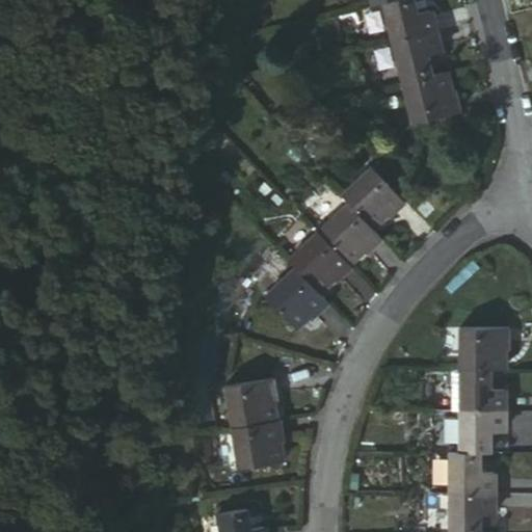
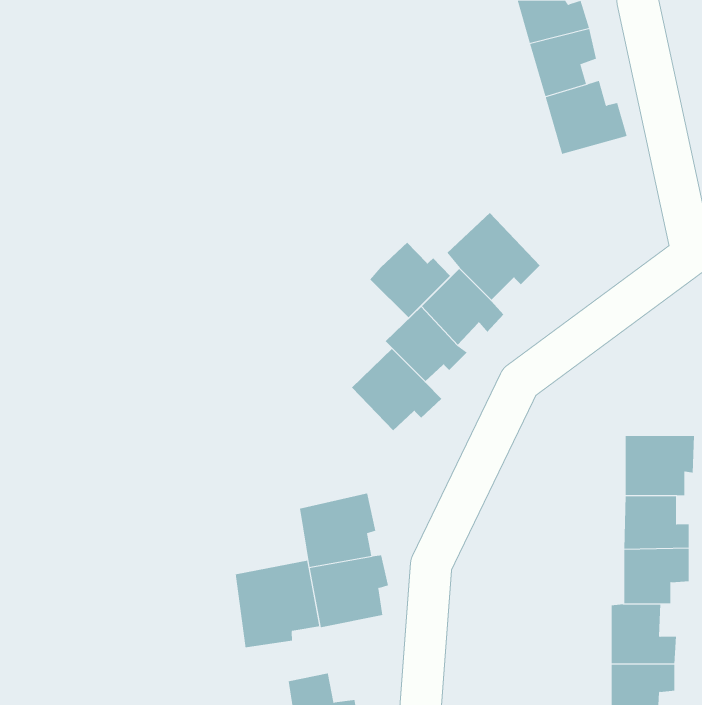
building: none -> [370,242,451,318]
building: none -> [235,560,320,648]

